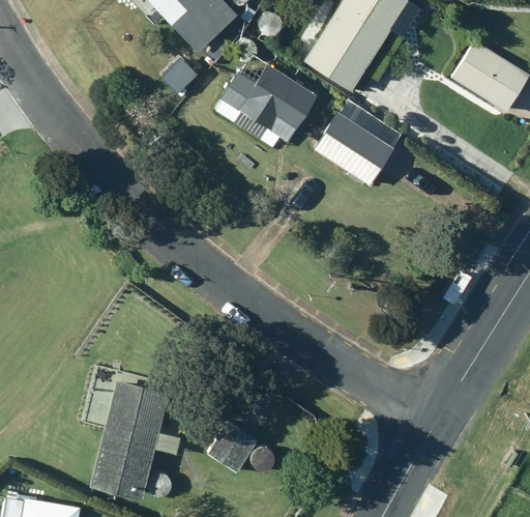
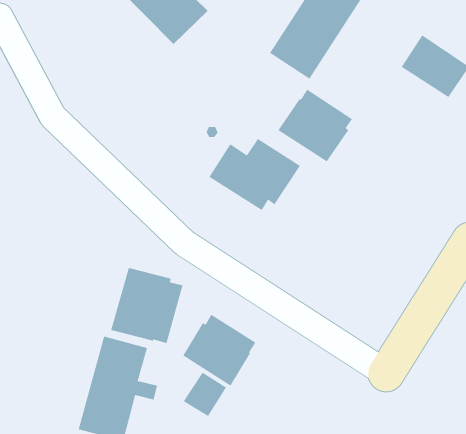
building: [213,65,317,147] -> [209,138,301,211]
building: none -> [111,267,183,344]
building: none -> [182,314,256,386]

